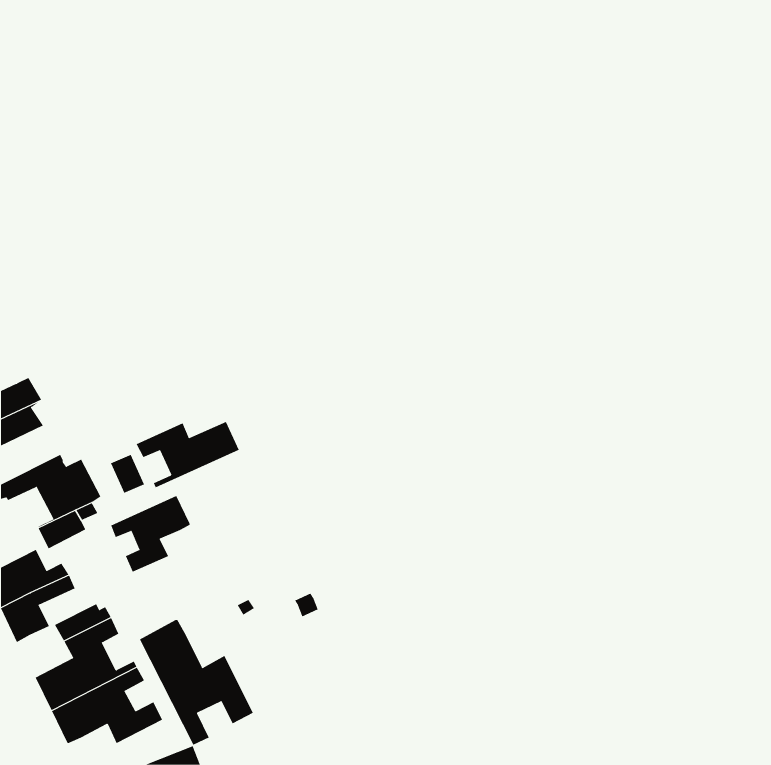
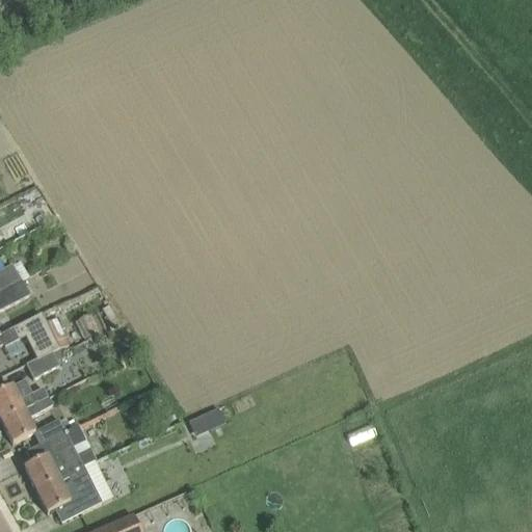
building: [136,421,240,488] -> none
building: [110,495,190,572] -> none
building: [139,619,254,745] -> none

